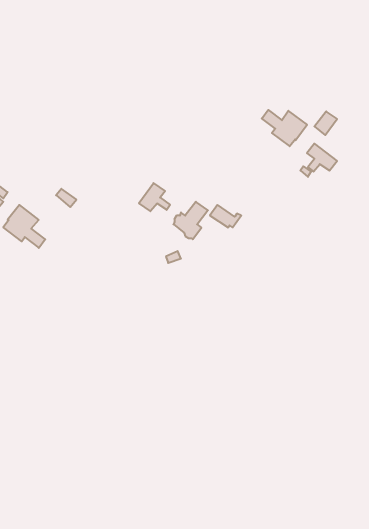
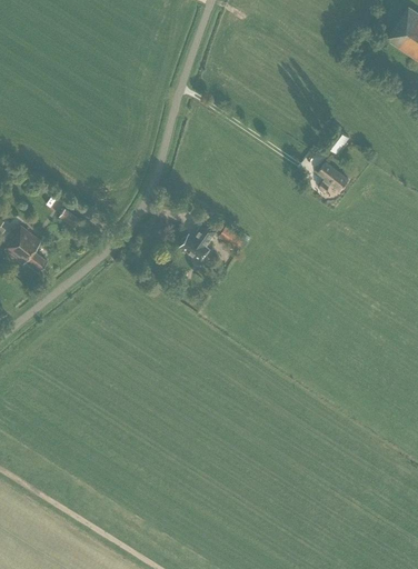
building: [262,110,307,146] -> none
building: [139,183,170,211] -> none

